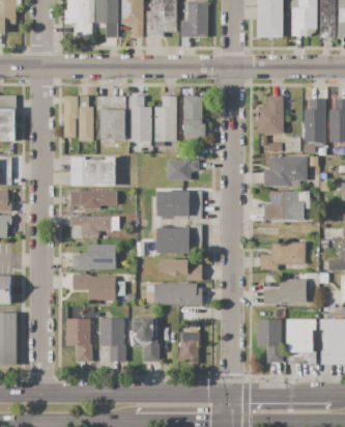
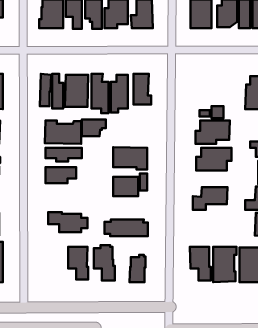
building: [257,95,283,133] -> none
building: [304,98,325,144] -> none
building: [167,159,198,180] -> [82,119,106,136]
building: [73,244,115,271] -> none
building: [161,258,202,281] -> none
building: [263,278,306,304] -> none
building: [66,318,91,361] -> none

